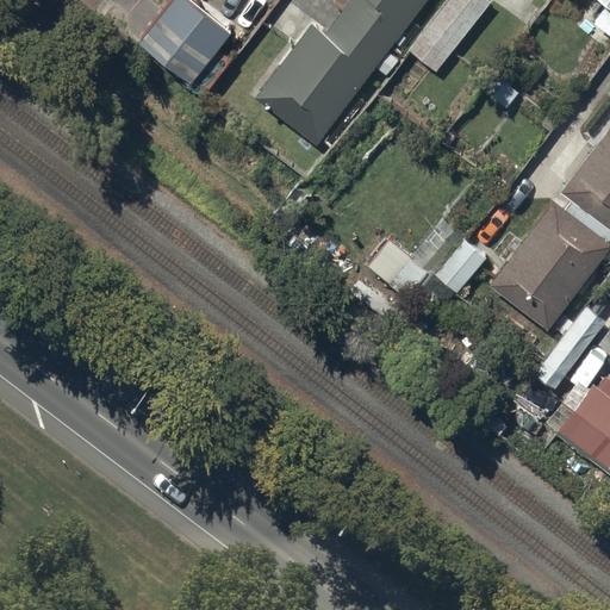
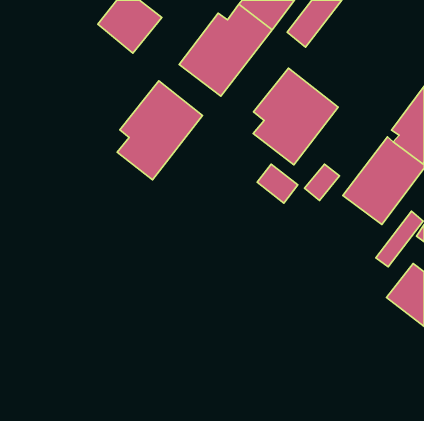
building: none -> [253,68,338,165]
building: none -> [117,81,203,180]

